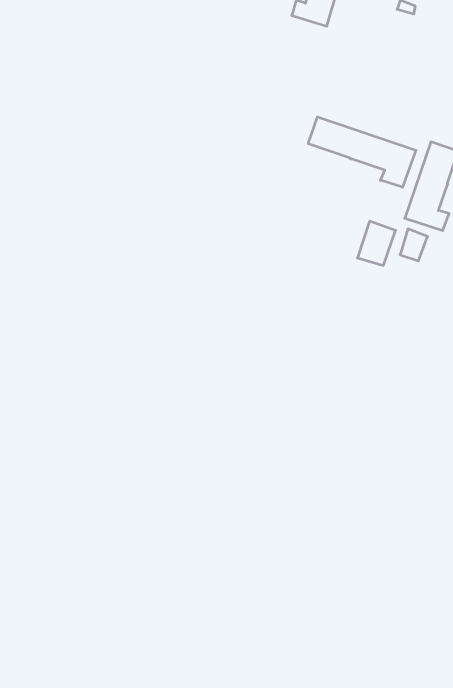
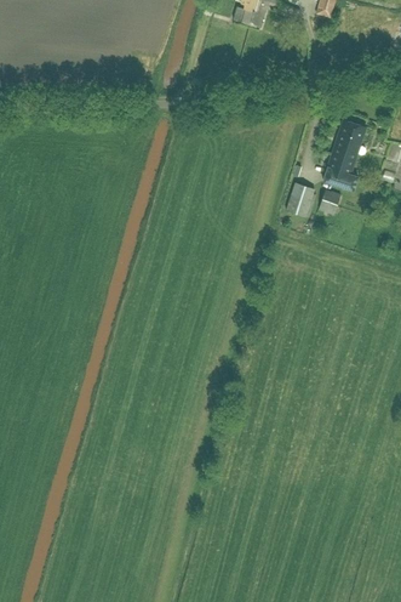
building: [308,117,416,187] -> none

